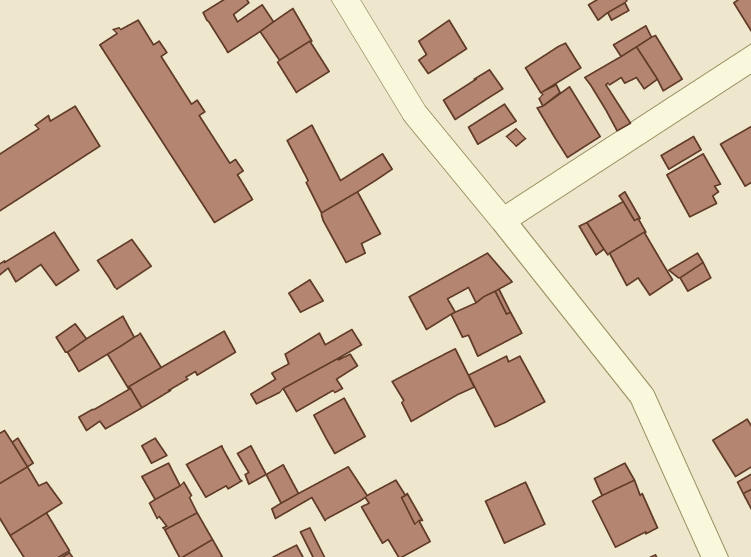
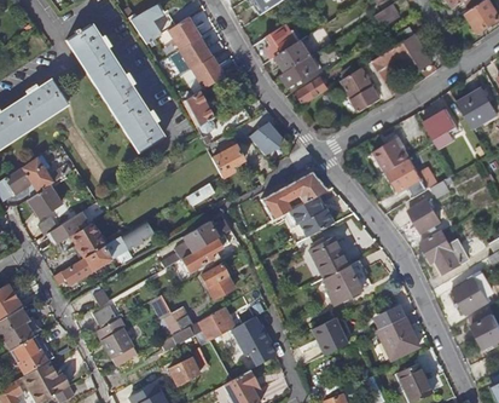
building: [525,43,581,93] -> [277,40,312,71]
building: none -> [191,57,224,90]
building: none -> [250,117,286,155]
building: [98,239,151,289] -> [27,186,60,218]
building: none -> [410,200,441,232]
building: none -> [422,230,469,275]
building: [392,349,474,421] -> [321,259,373,305]
building: [187,446,242,497] -> none

